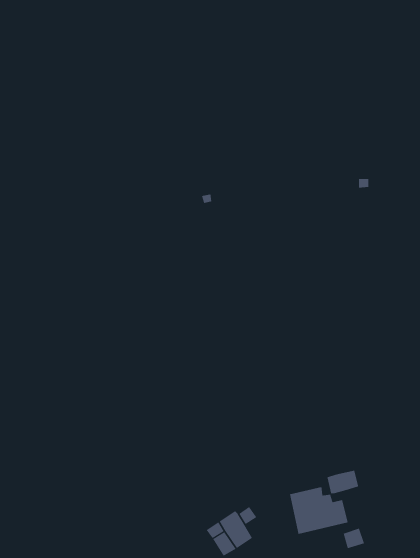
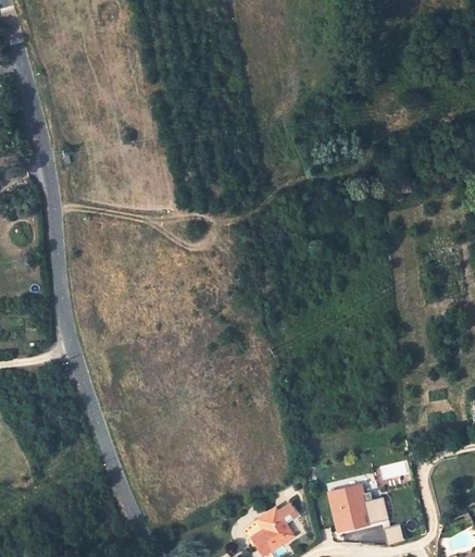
building: [327,470,359,494] -> none

